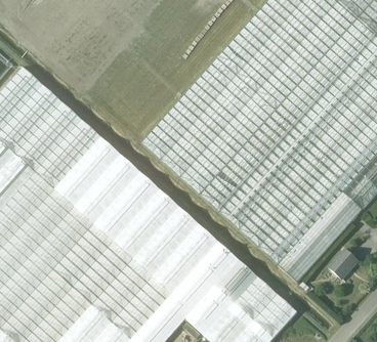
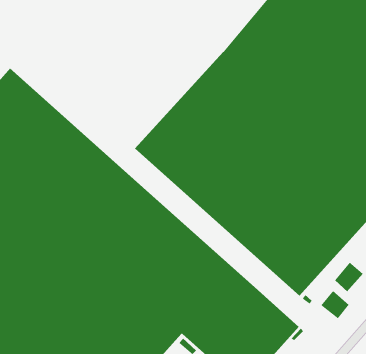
building: none -> [320,290,349,319]

